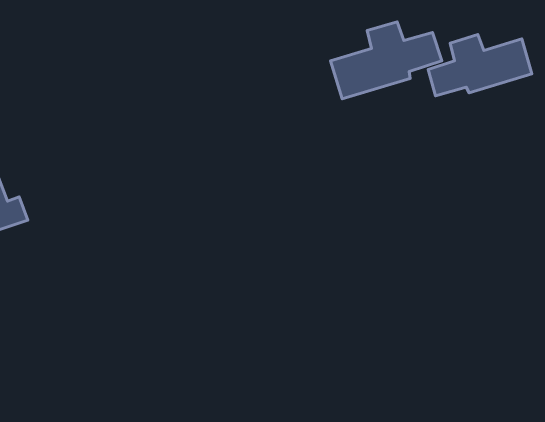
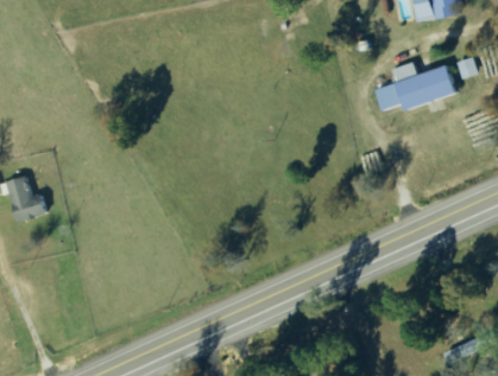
building: [330,22,442,99] -> none

